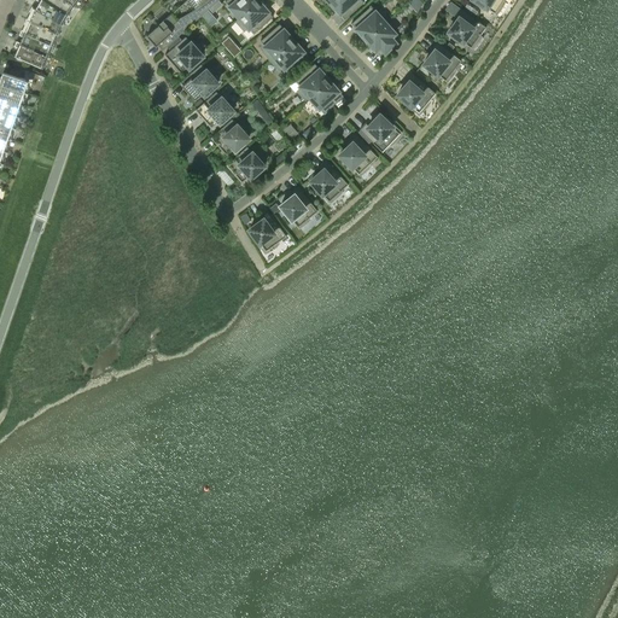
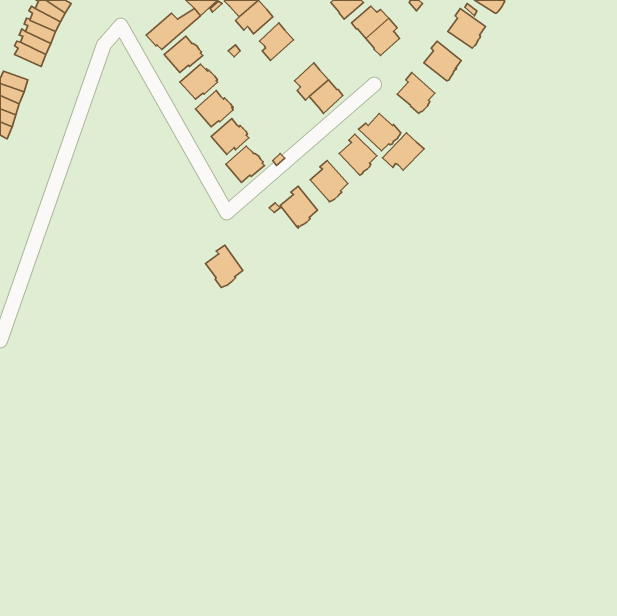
building: [270,41,308,75] -> none
building: none -> [383,133,424,170]
building: [249,211,286,253] -> [205,245,243,288]

